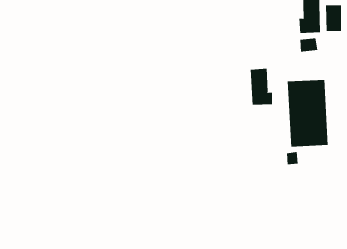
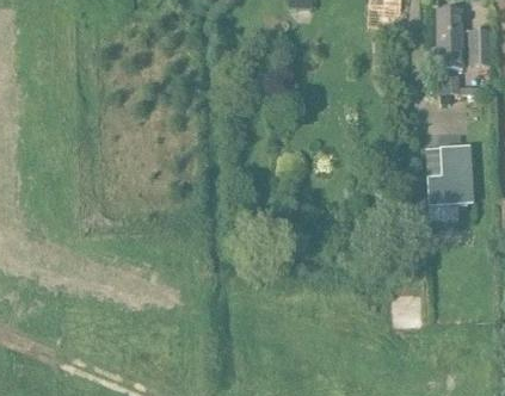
building: [250,68,273,106] -> none

